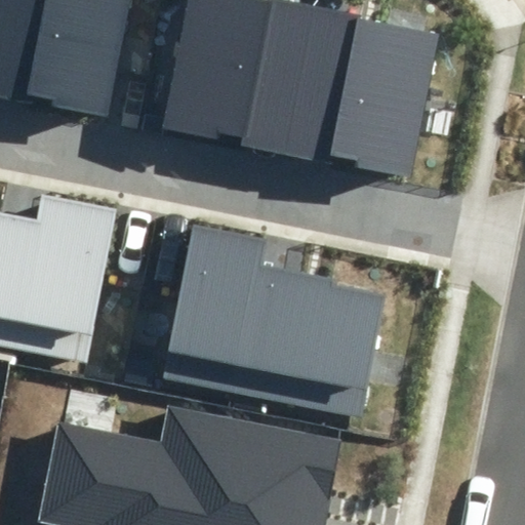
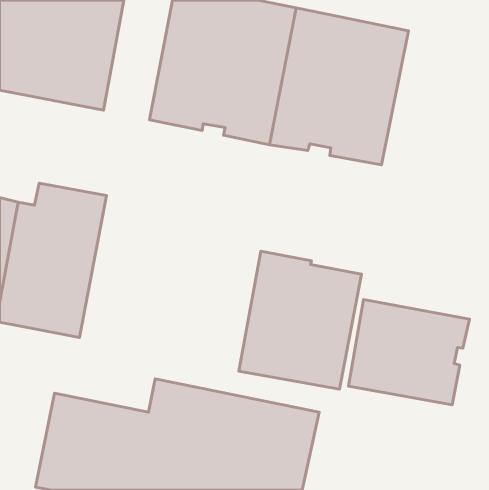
building: [165,228,279,397] -> none
building: none -> [348,300,469,405]

